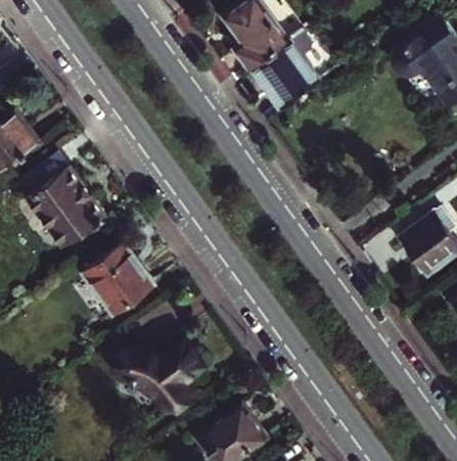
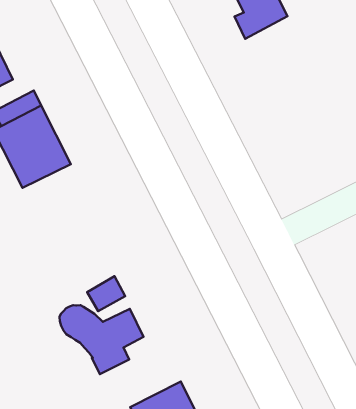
building: [250,31,338,111] -> none
building: [83,243,154,315] -> none

